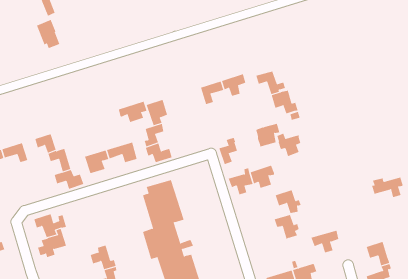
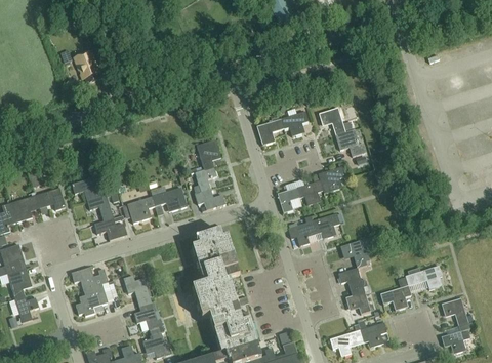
building: [118,101,147,123] -> none
building: [276,133,301,157] -> [294,178,322,205]
building: [371,177,403,198] -> [405,266,441,289]
building: none -> [123,275,152,305]
building: none -> [345,291,374,314]

